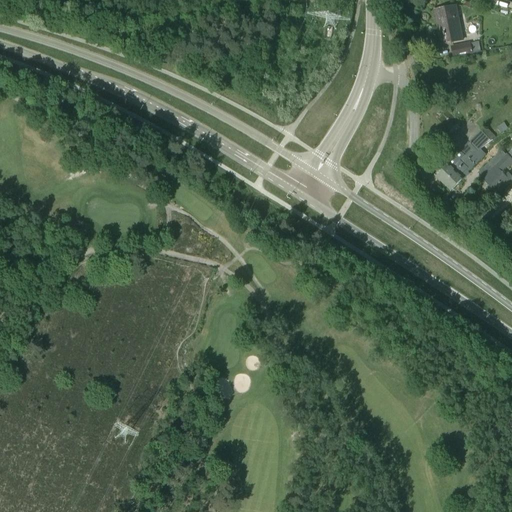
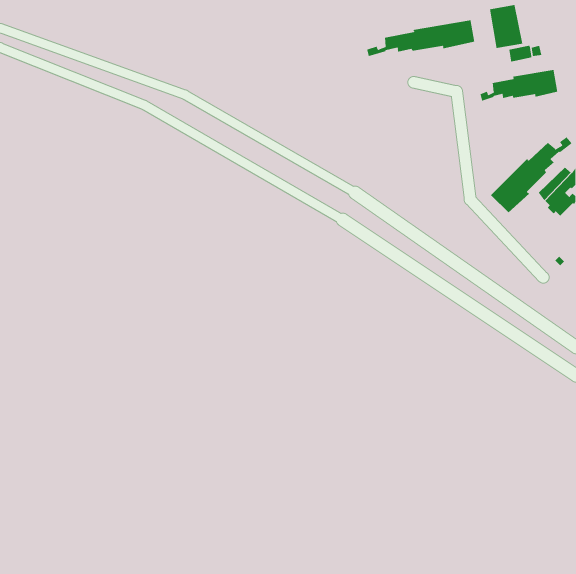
building: none -> [366,19,475,57]
building: none -> [480,69,558,102]

